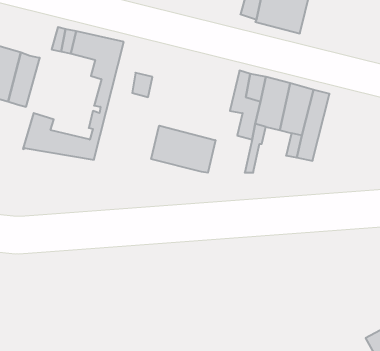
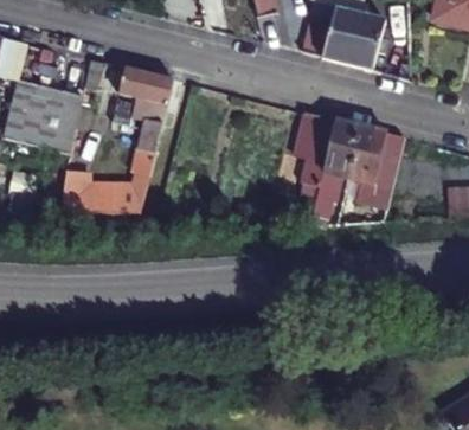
building: [151,126,215,173] -> none

